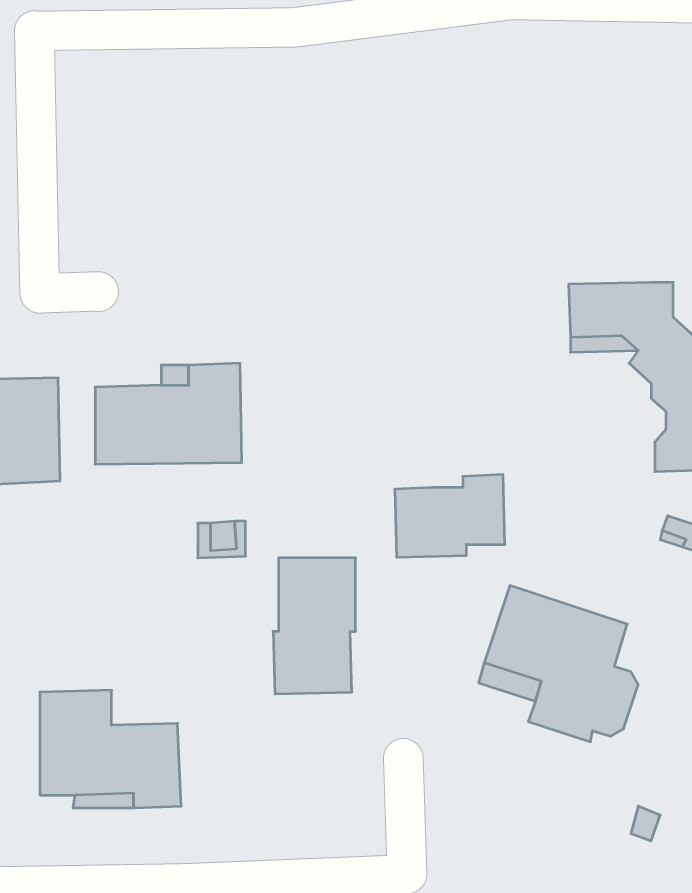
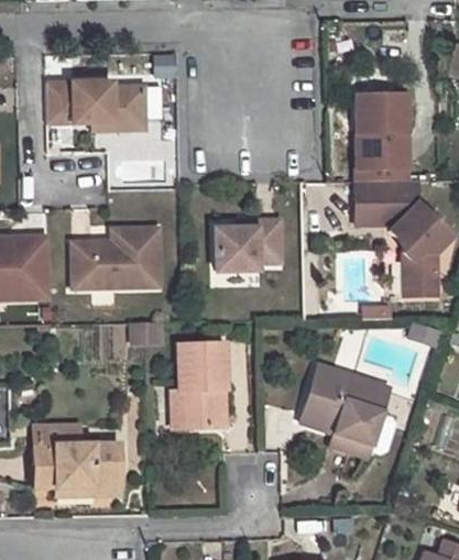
building: none -> [45,81,143,123]
building: none -> [353,94,404,180]
building: [395,475,505,557] -> [214,220,280,270]

